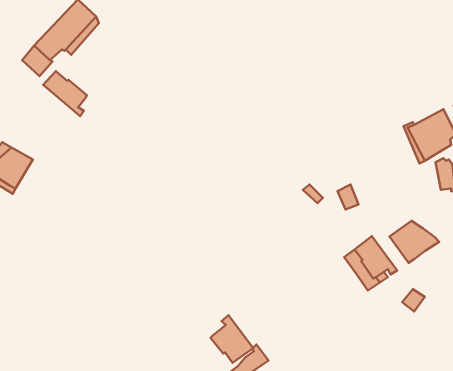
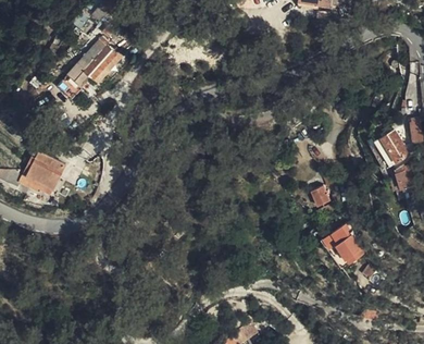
building: [43,71,87,116] -> none
building: [389,221,439,263] -> none
building: [211,315,253,363] -> none

